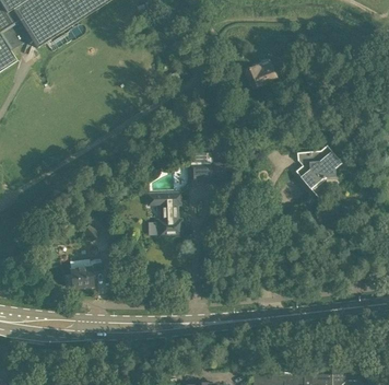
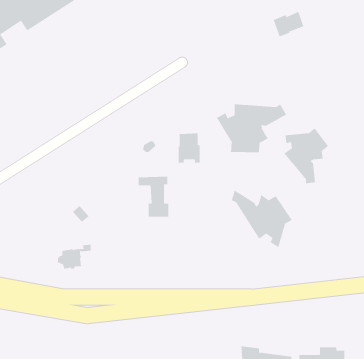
building: [245,62,276,89] -> [273,11,304,37]
building: none -> [216,104,287,153]
building: none -> [231,190,292,248]

